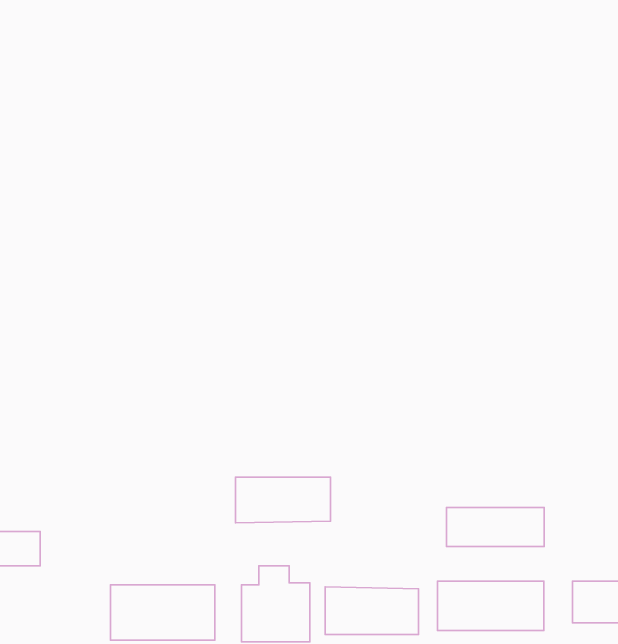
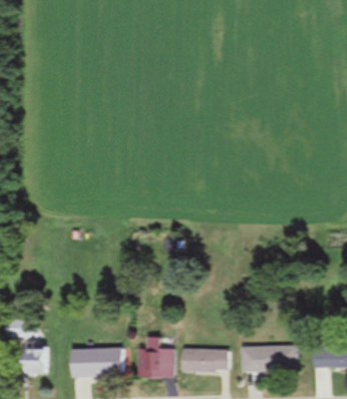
building: [235,477,330,523] -> none
building: [447,507,544,547] -> none
building: none -> [18,346,48,374]

